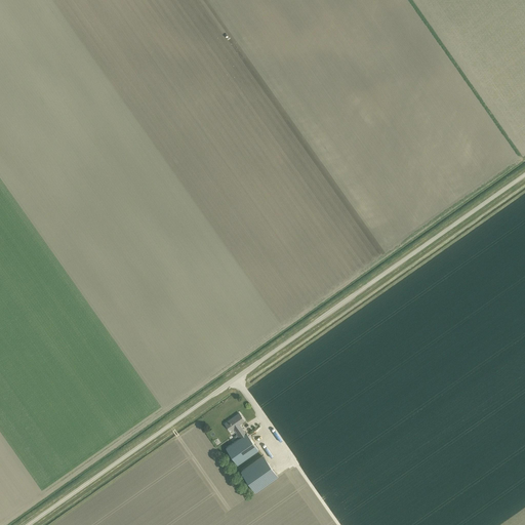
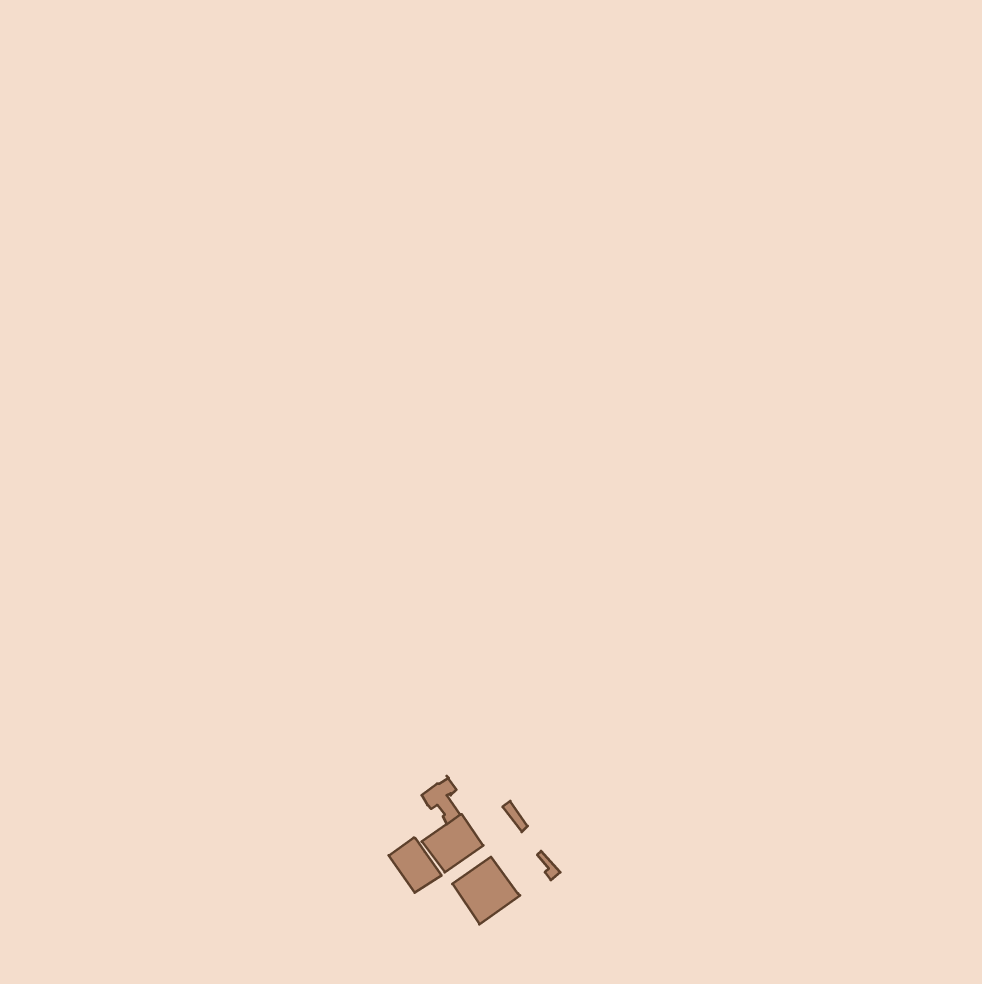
building: none -> [389,838,441,893]

